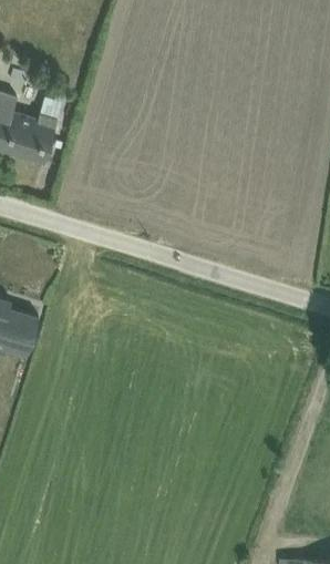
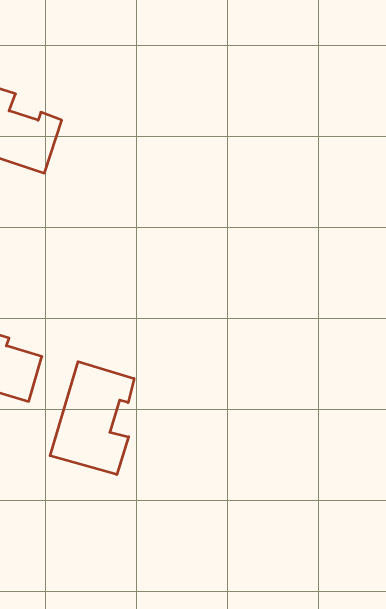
building: none -> [50,362,134,475]

